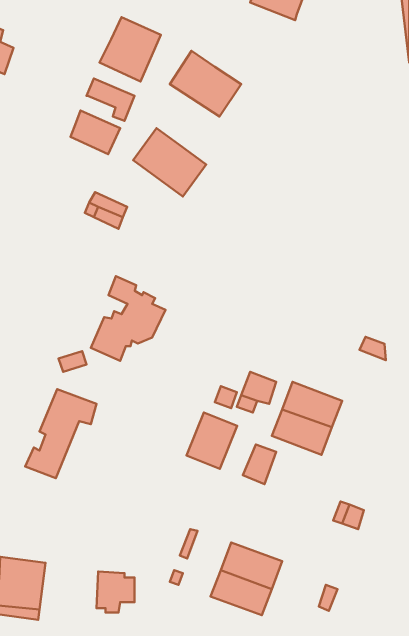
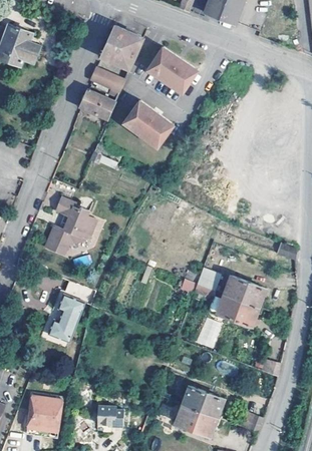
building: [91,276,165,361] -> [43,195,94,254]
building: [187,412,237,469] -> none

